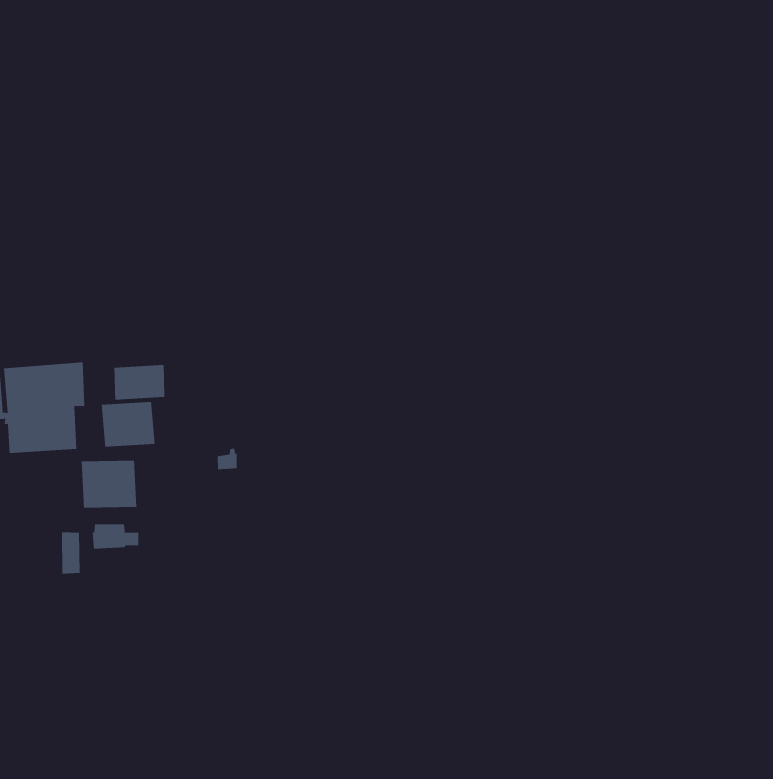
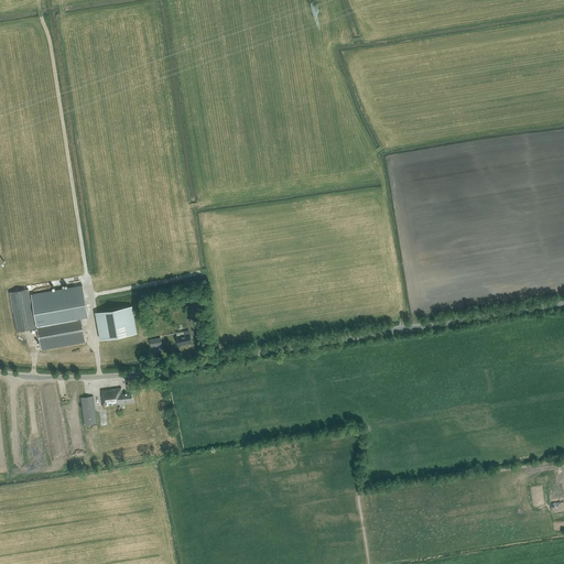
building: [114,364,165,401] -> none
building: [81,460,137,509] -> none

